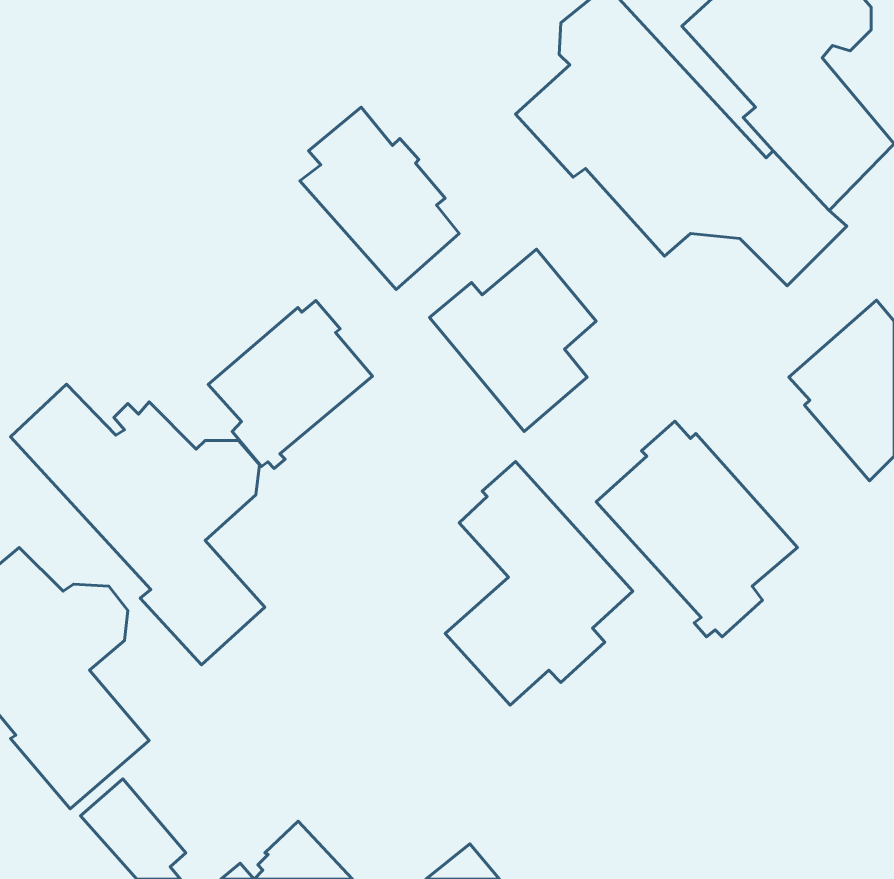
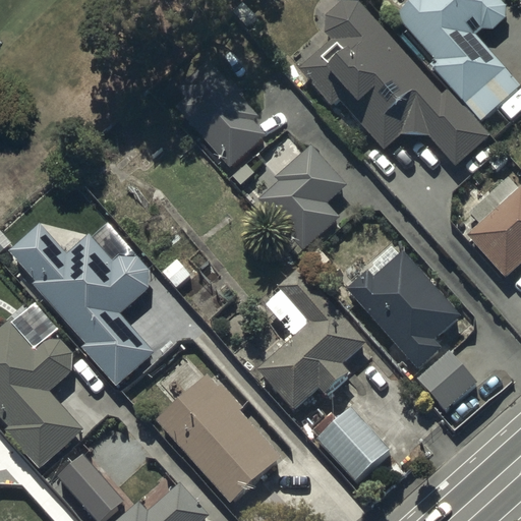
building: [208,300,373,469] -> none
building: none -> [416,349,477,418]
building: none -> [157,369,282,505]
building: none -> [316,407,390,481]

